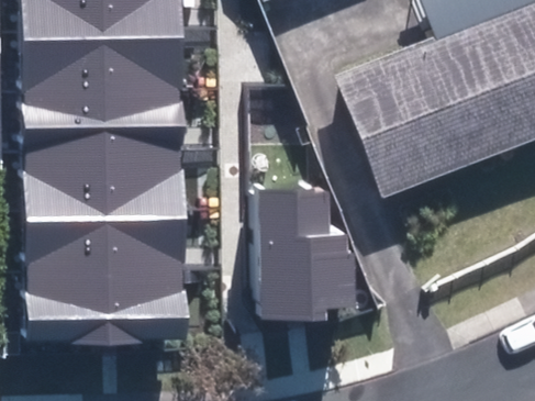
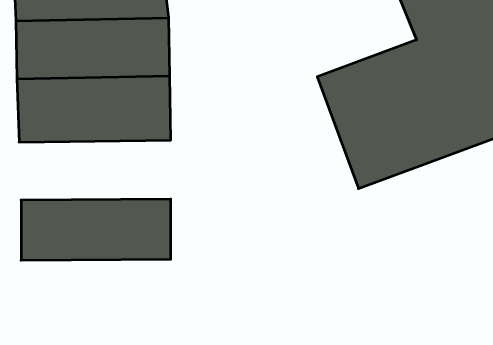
building: [25,146,183,209] -> none
building: [261,188,353,313] -> none
building: [27,270,183,337] -> none

